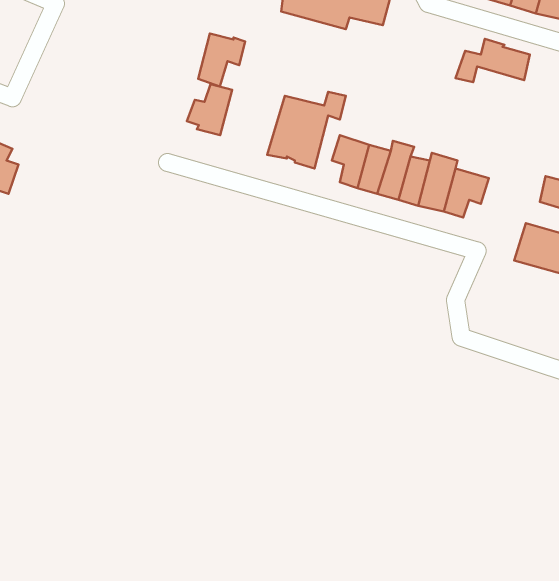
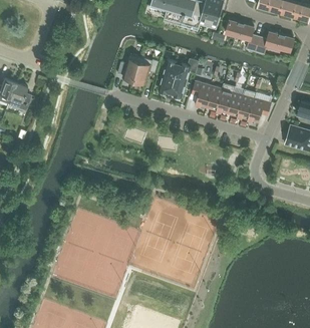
building: none -> [226,20,260,50]
building: [198,34,245,87] -> [134,56,159,83]

